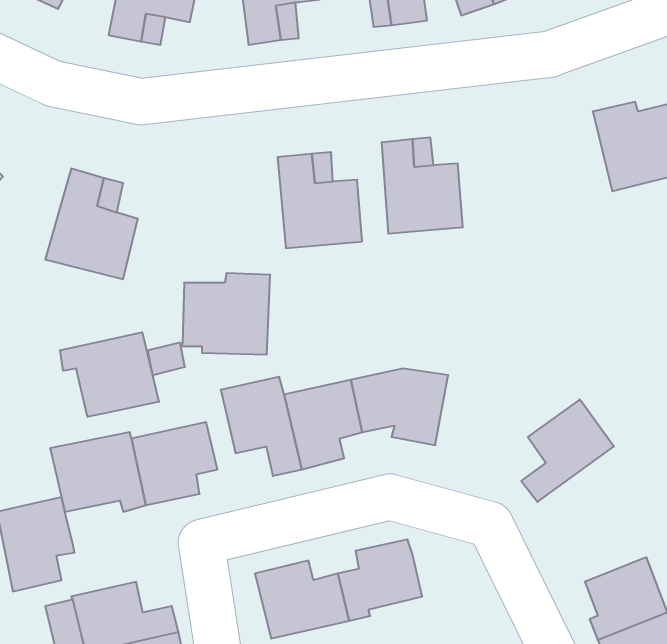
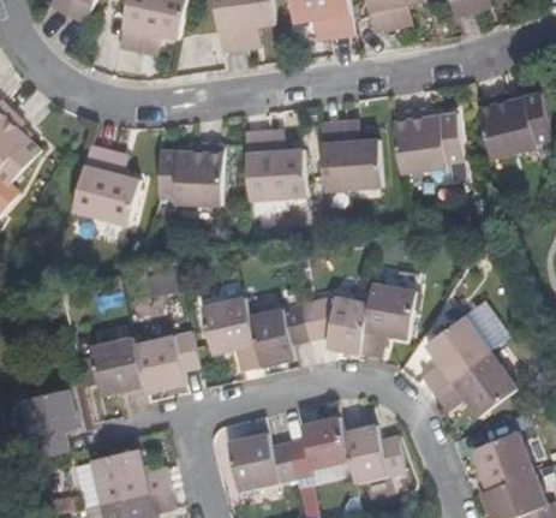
building: none -> [391,109,461,174]
building: [181,273,270,354] -> [156,148,222,208]
building: [60,332,159,417] -> none
building: none -> [359,279,415,352]
building: none -> [435,350,519,415]
building: none -> [342,422,402,478]

